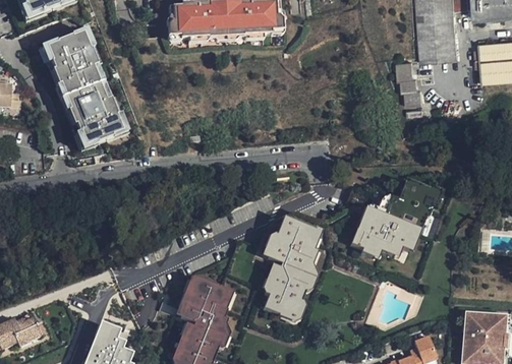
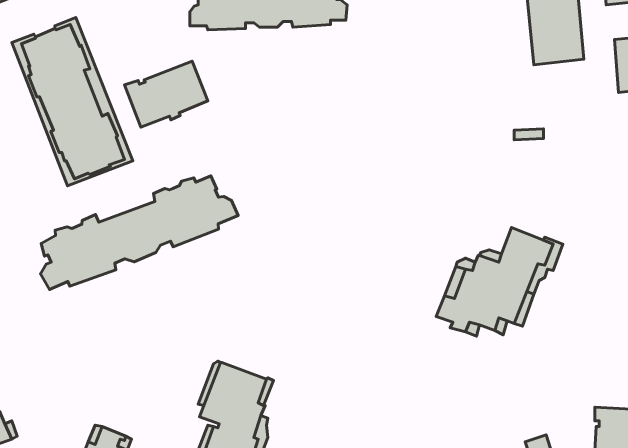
building: none -> [124,61,208,127]
building: [395,63,418,103] -> none
building: none -> [41,176,238,290]
building: [264,220,315,318] -> none

